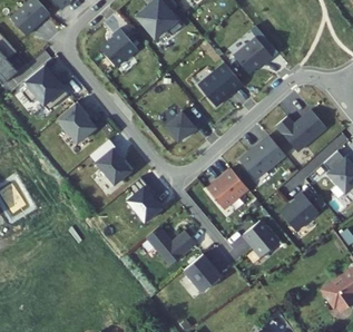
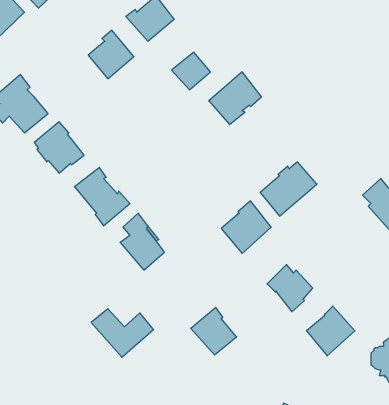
building: [232,37,271,74] -> none
building: [276,109,326,152] -> none
building: [164,111,195,141] -> [172,52,210,90]
building: [284,192,323,232] -> [306,306,355,356]
building: [147,226,197,265] -> [91,309,154,357]

